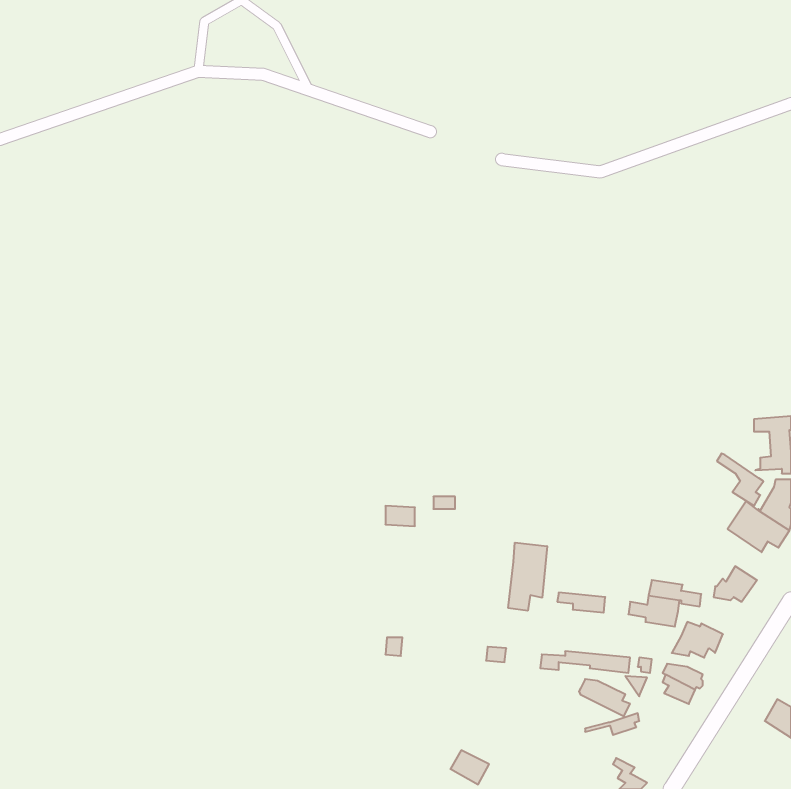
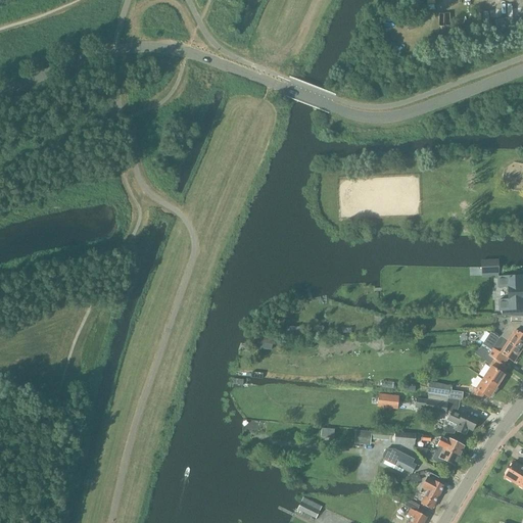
building: [717,453,763,506] -> [475,348,506,383]
building: [508,543,547,611] -> none
building: none -> [421,473,443,509]

